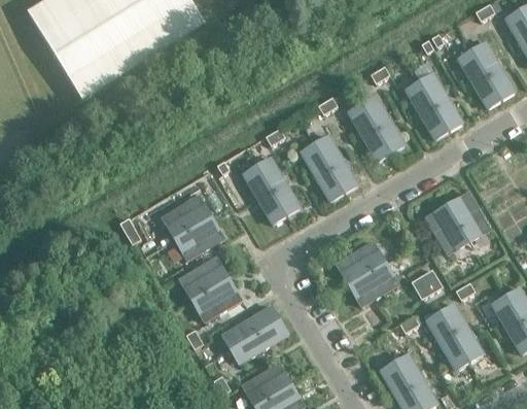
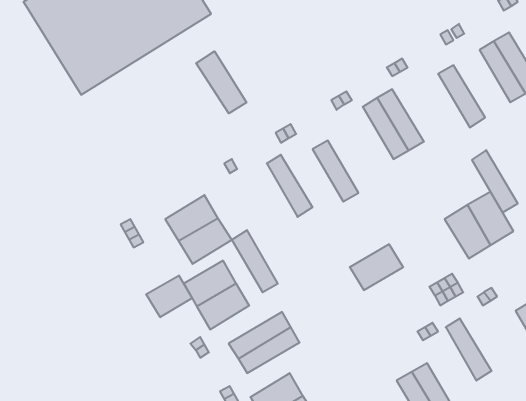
building: none -> [196,51,246,113]
building: [406,80,449,139] -> [472,150,518,212]
building: [315,135,358,193] -> none
building: [243,165,286,224] -> [232,230,278,292]
building: [349,263,398,306] -> none
building: none -> [146,275,192,317]
building: [440,303,484,361] -> none

